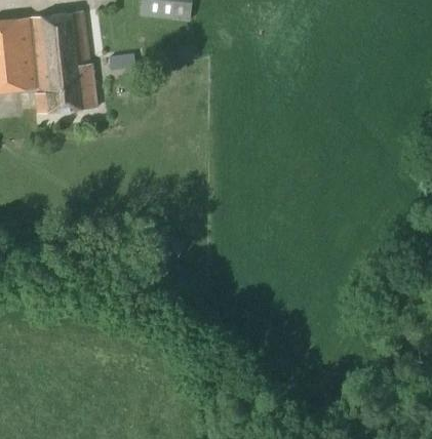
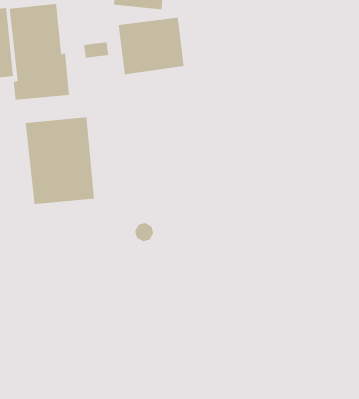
building: none -> [118,17,185,75]
building: none -> [25,117,95,205]

